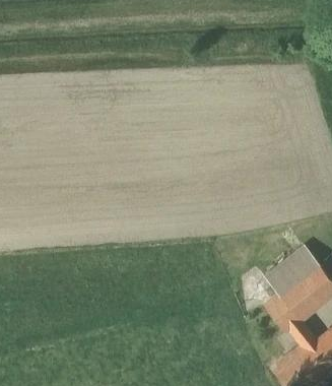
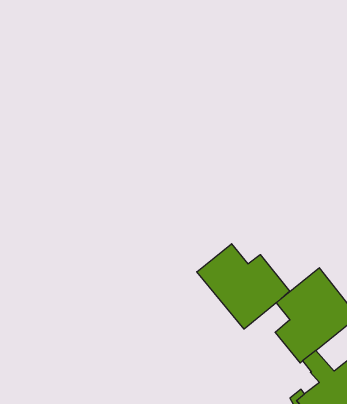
building: none -> [197,244,290,329]

